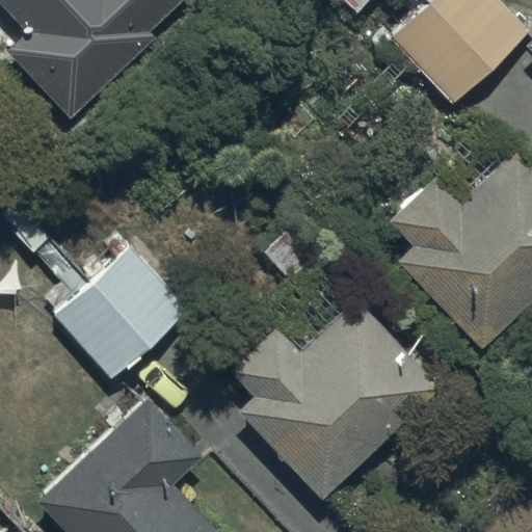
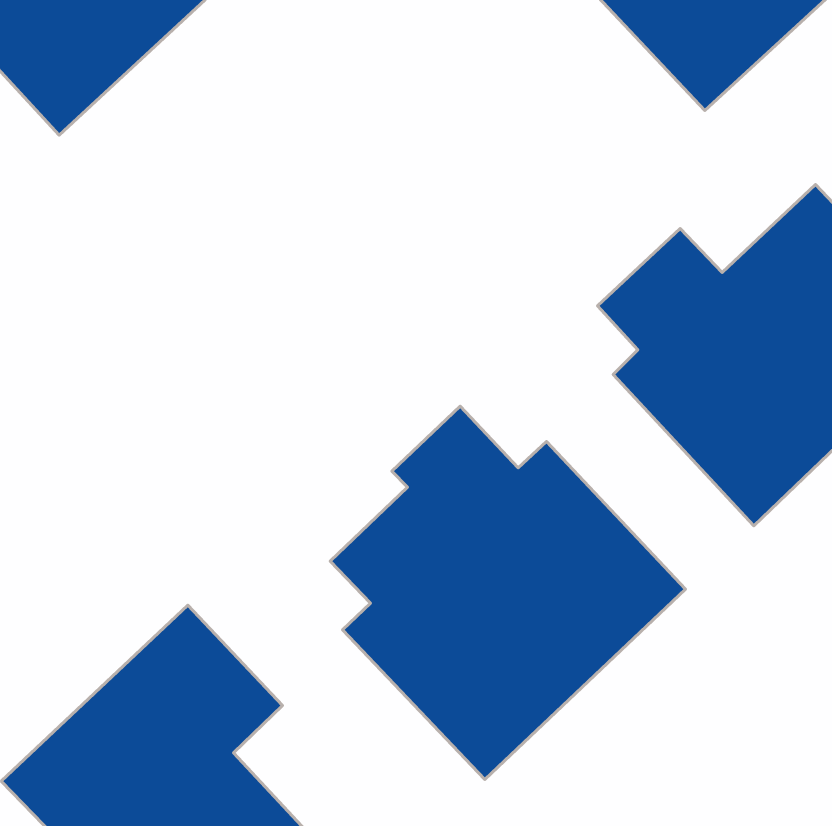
building: [56,245,190,378] -> none

